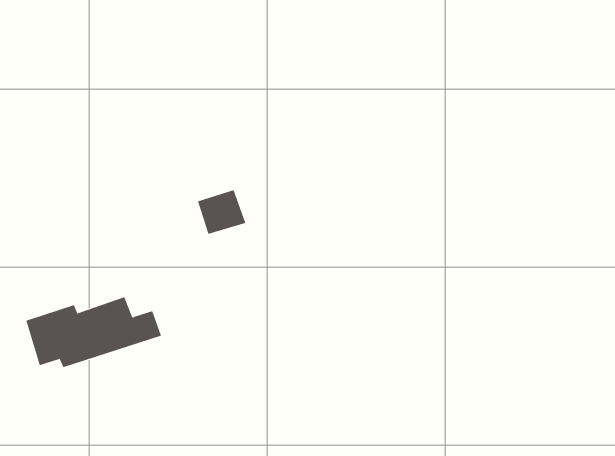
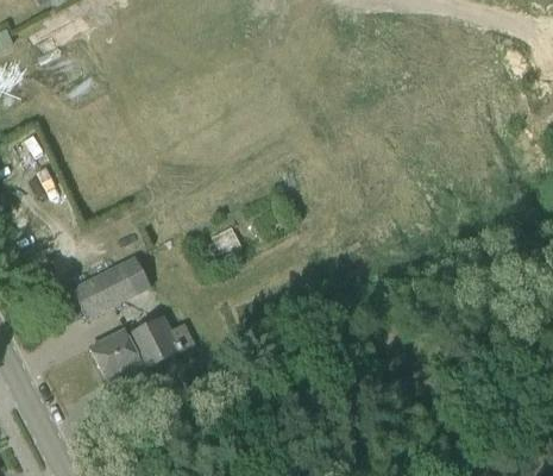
building: none -> [70,253,150,317]

